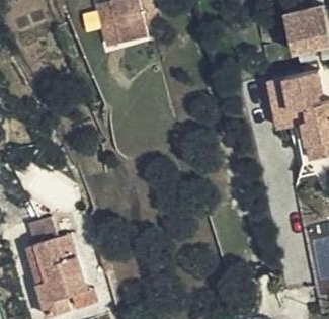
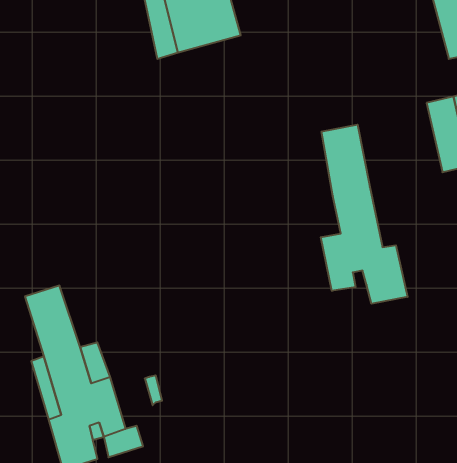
building: none -> [321,125,408,304]

